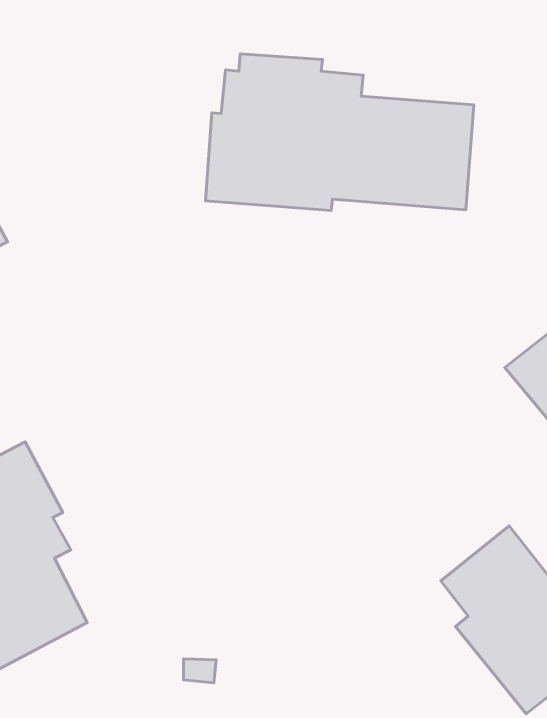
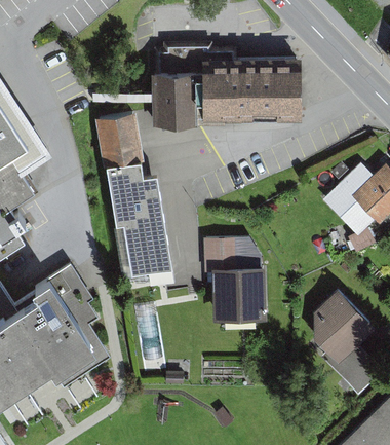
building: none -> [102,117,168,279]
building: none -> [206,239,263,321]

